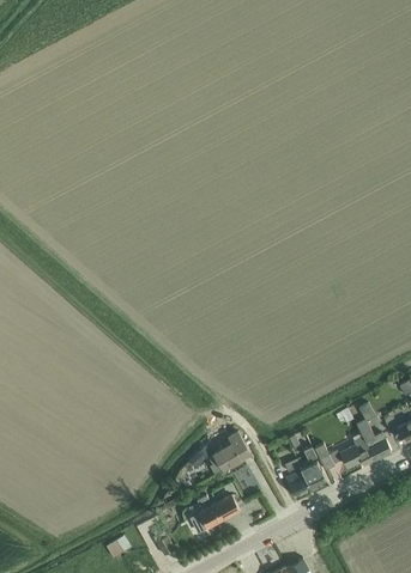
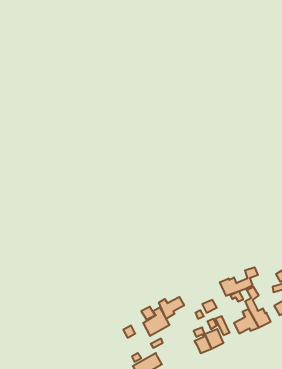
building: none -> [220,267,258,296]
building: none -> [159,297,184,319]

